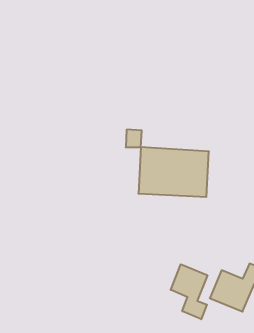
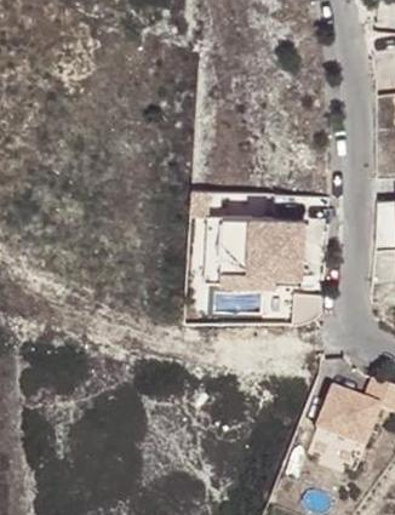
building: [171,264,207,319] -> none

